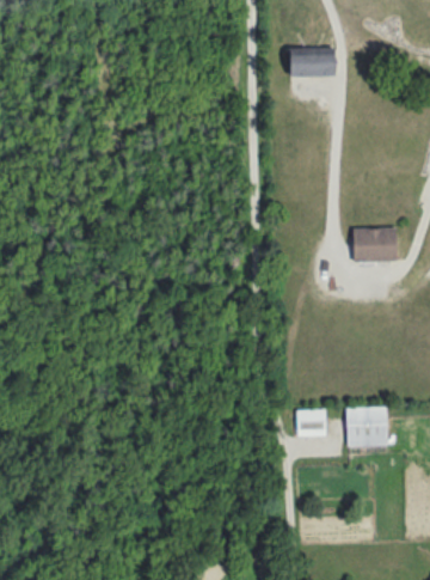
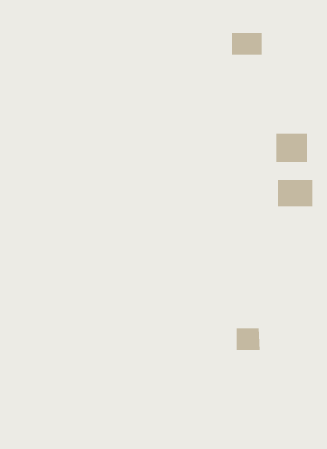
building: none -> [276,133,307,163]
building: [348,407,388,446] -> none

